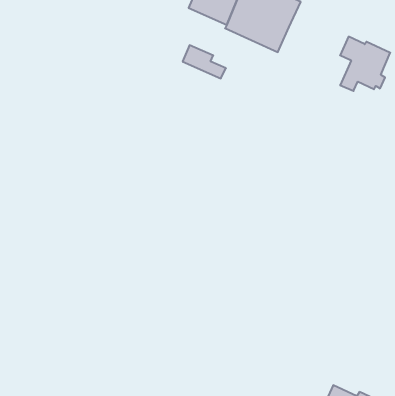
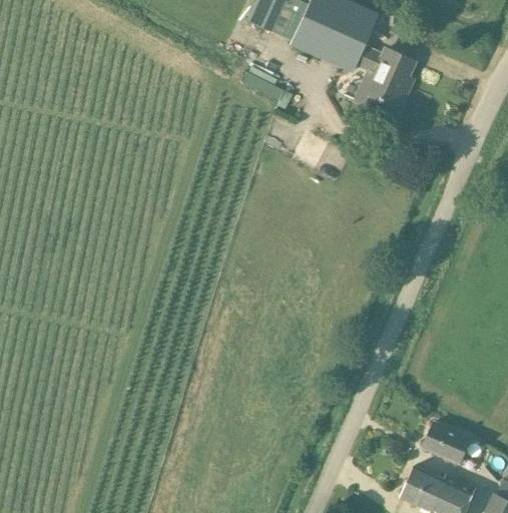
building: [340,37,390,91] -> [355,44,414,108]
building: none -> [426,423,473,464]

